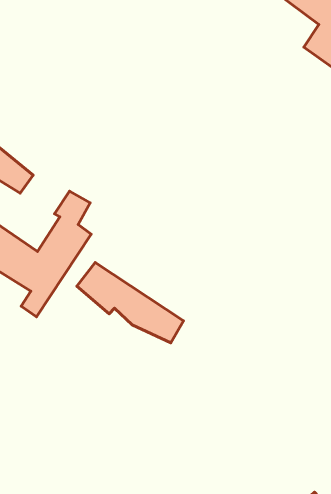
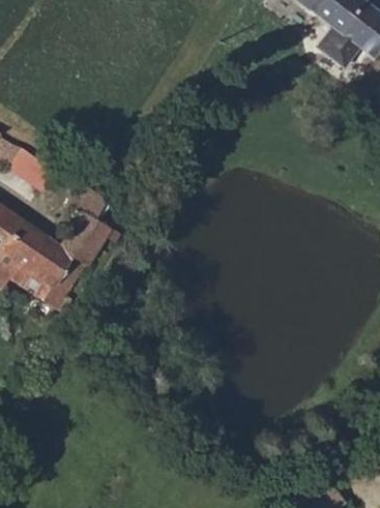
building: [77,262,184,343] -> none

